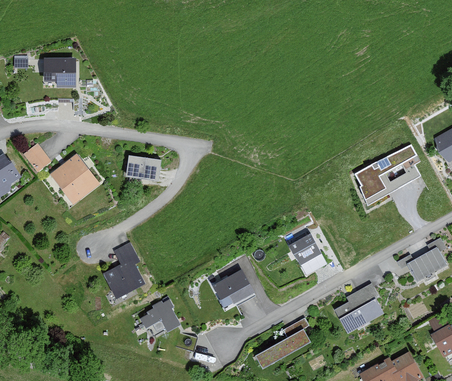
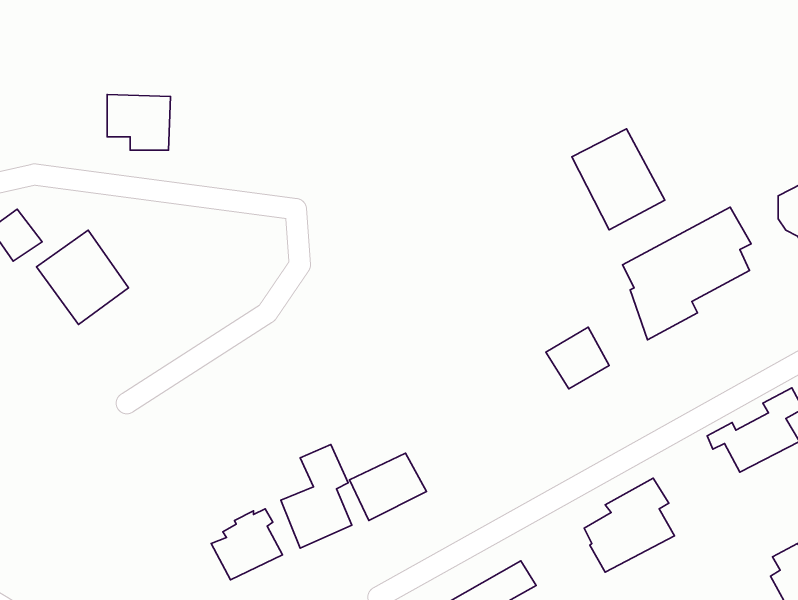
building: [42,58,75,87] -> [107,95,170,150]
building: none -> [572,129,665,230]
building: [125,156,159,180] -> none
building: [288,233,321,265] -> [546,327,609,389]
building: [104,243,141,297] -> [281,445,352,548]

